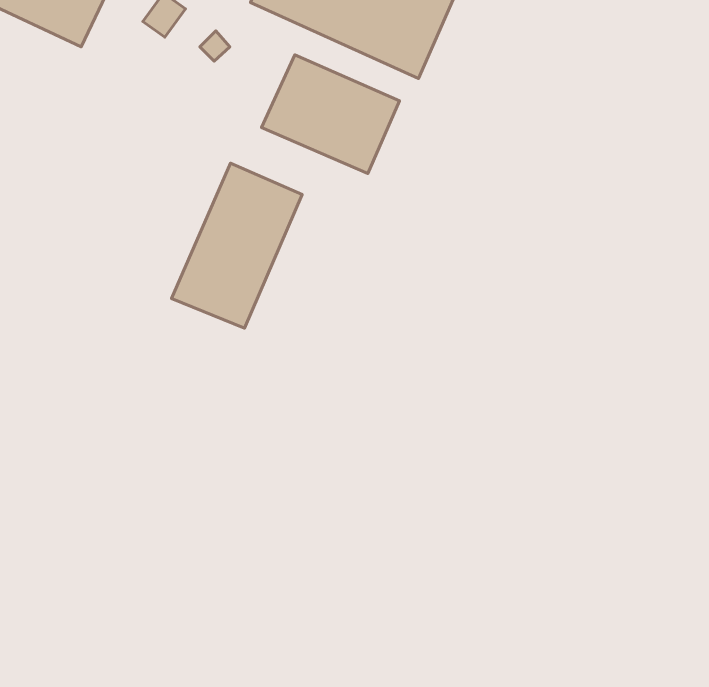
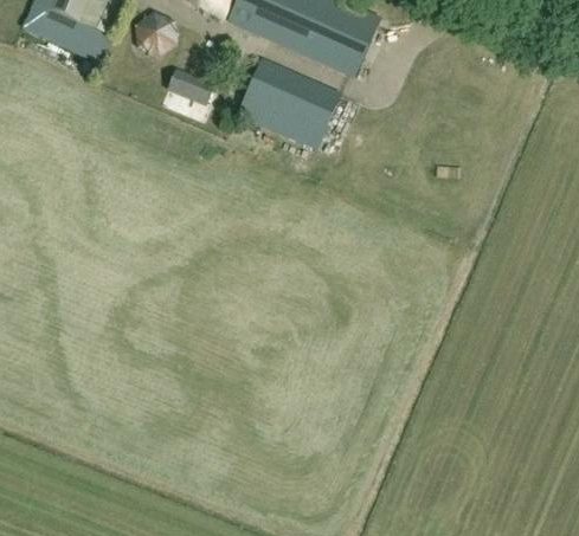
building: none -> [166,66,213,106]
building: [171,163,302,328] -> none

